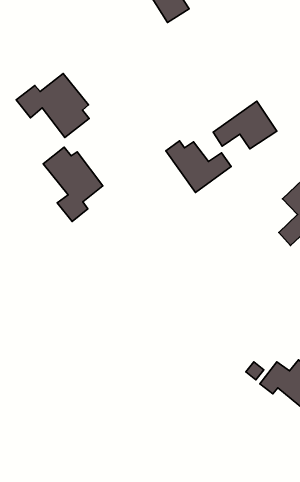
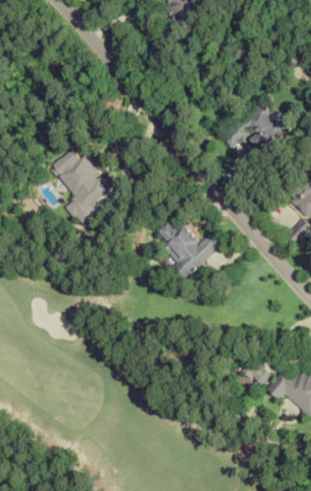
building: [16,74,89,137] -> none
building: [166,141,231,192] -> [153,222,220,275]

